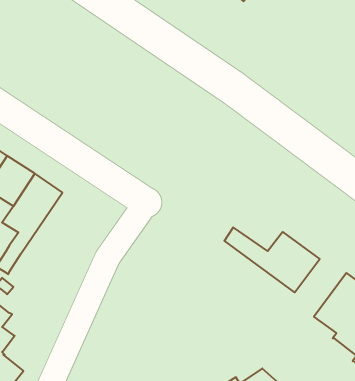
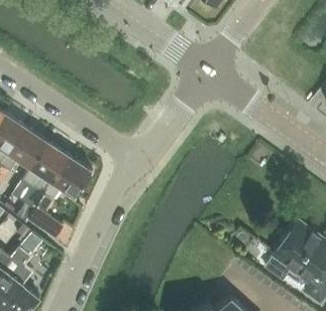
building: none -> [27,157,92,239]
building: [224,227,320,292] -> none

